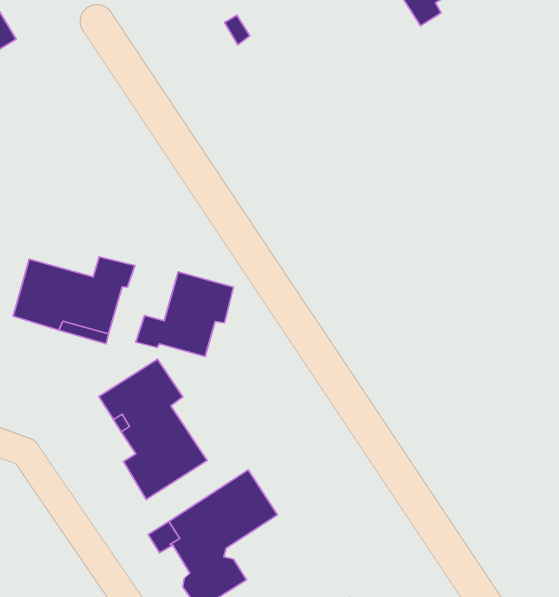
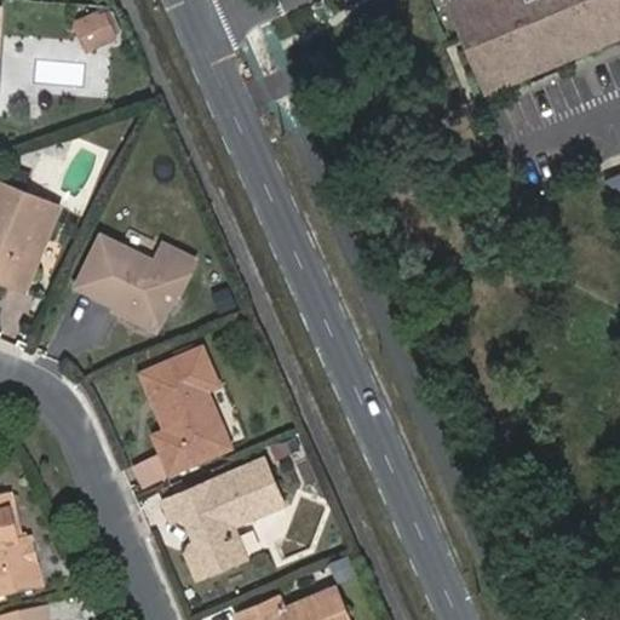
building: [136,272,234,356] -> none

